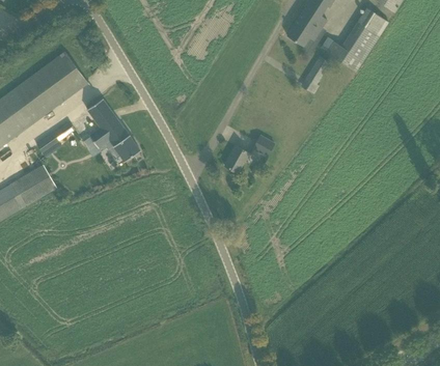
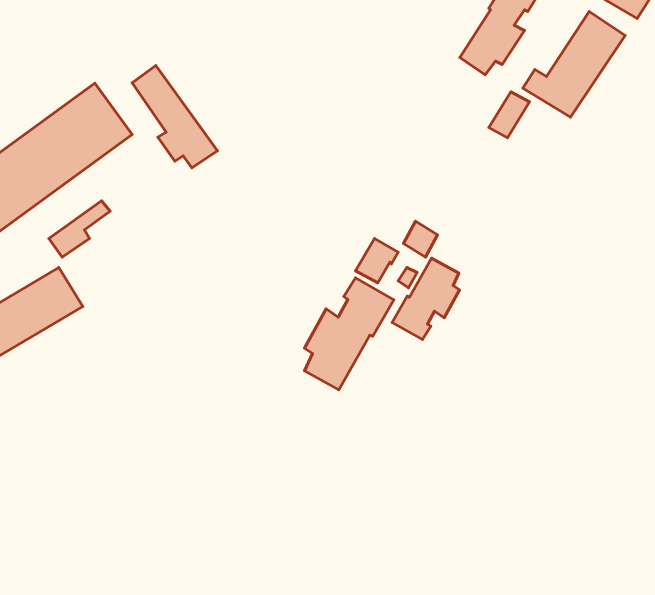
building: [87,100,139,162] -> [132,66,217,168]
building: none -> [392,258,460,340]
building: none -> [304,278,394,390]

